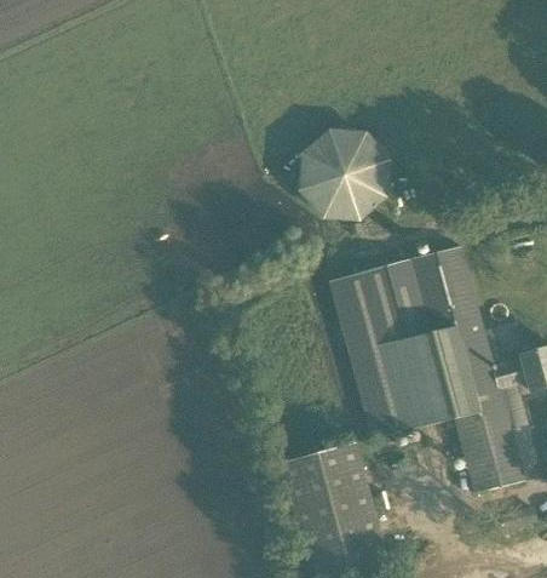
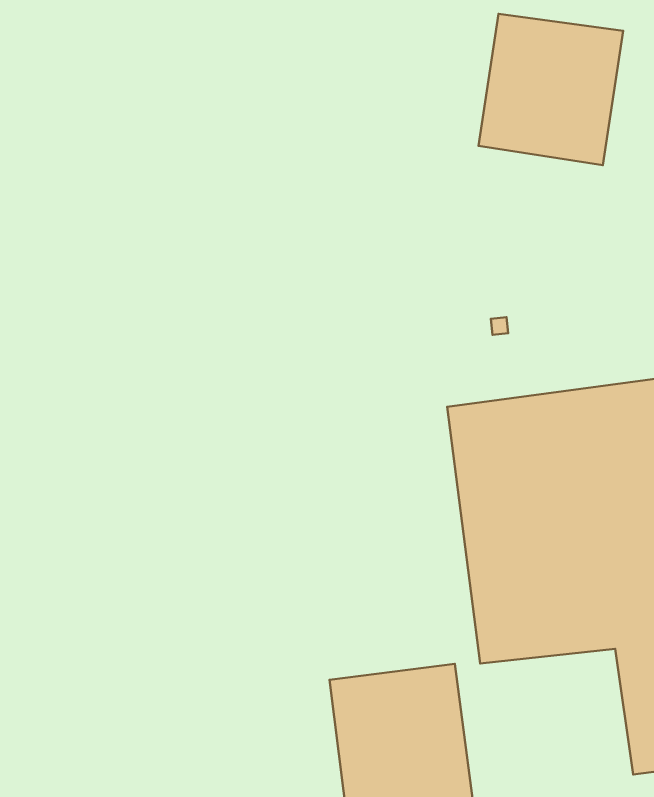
building: [306,127,386,212] -> [478,14,623,165]

